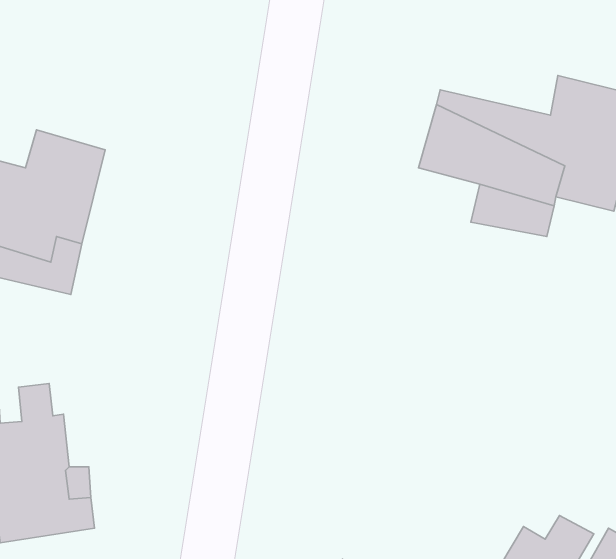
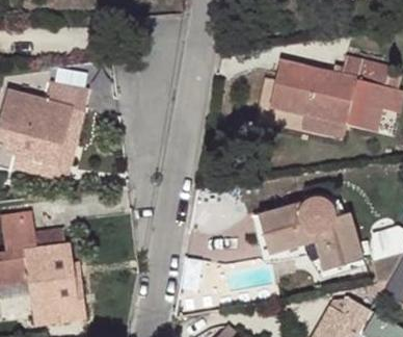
building: none -> [259,198,365,273]

